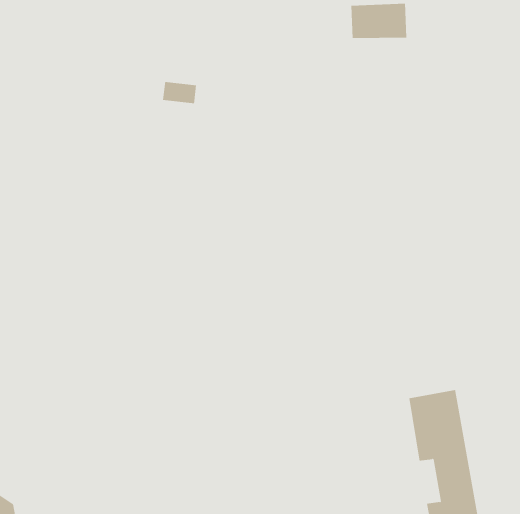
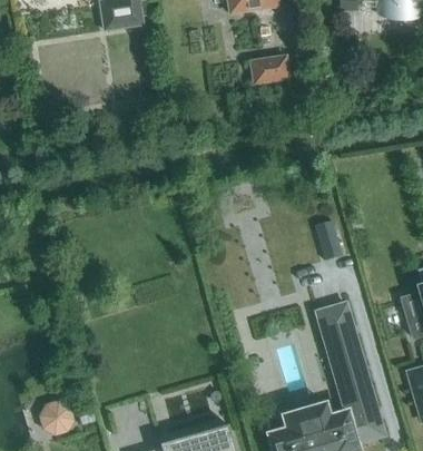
building: none -> [315,218,343,258]

